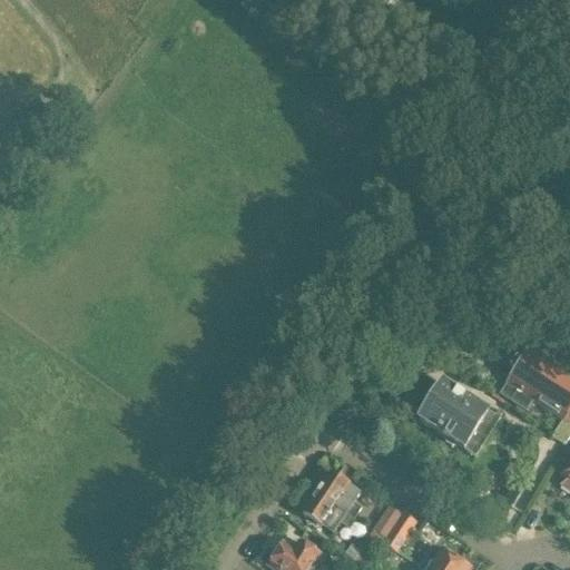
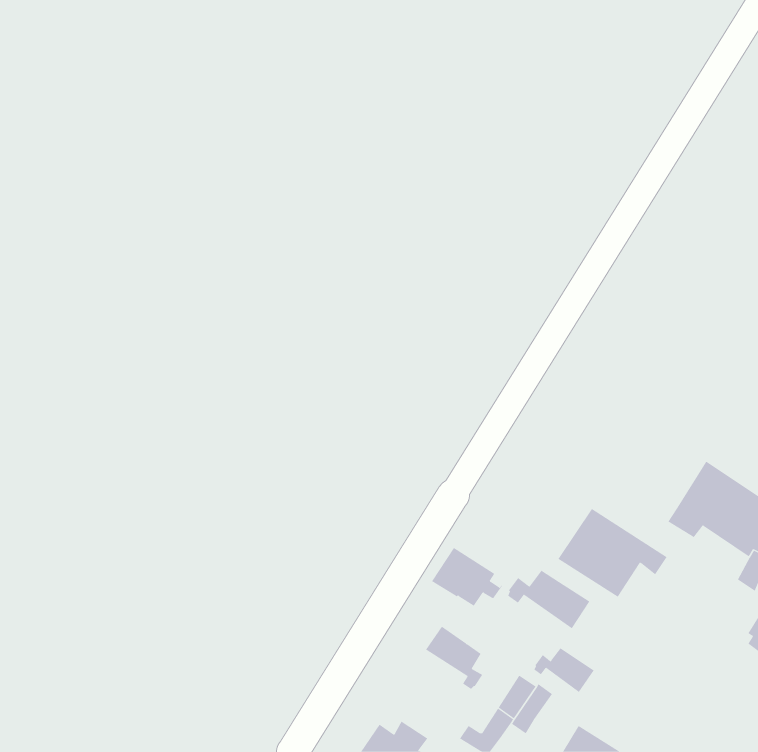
building: none -> [507,570,590,629]
building: none -> [534,647,594,693]
building: [303,487,357,531] -> [431,547,504,607]

